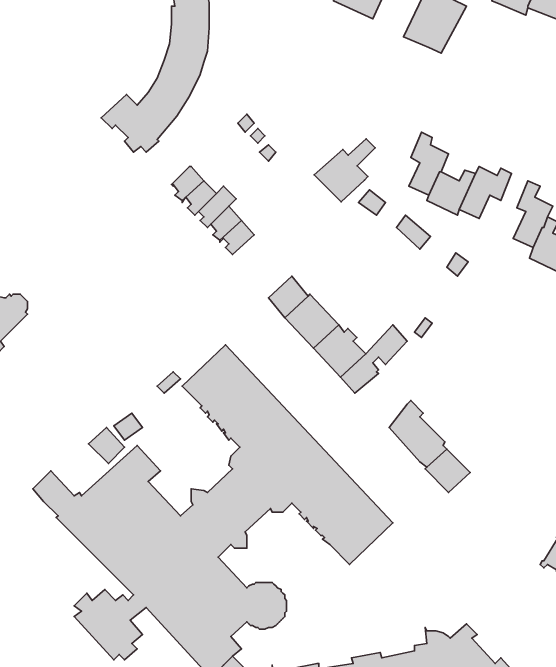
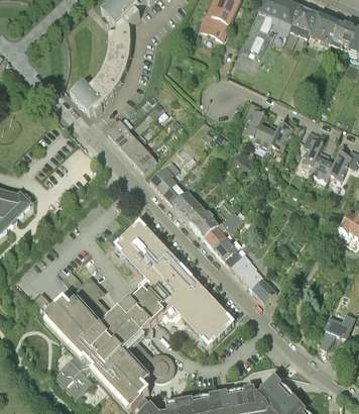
building: [314,139,375,202] -> [149,159,184,194]
building: none -> [213,234,242,267]

